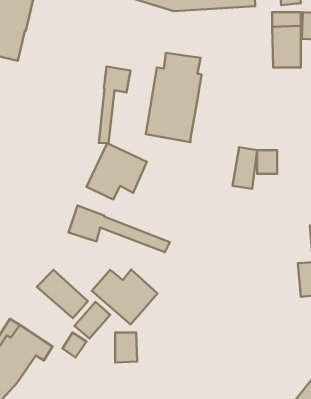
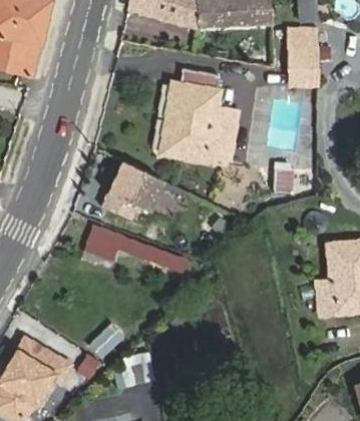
building: [99,66,130,143] -> none
building: [232,147,257,189] -> [208,117,233,159]
building: [92,270,157,324] -> none
building: [37,270,88,318] -> none

